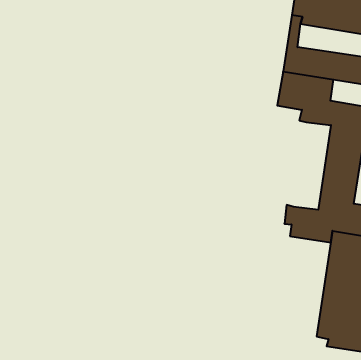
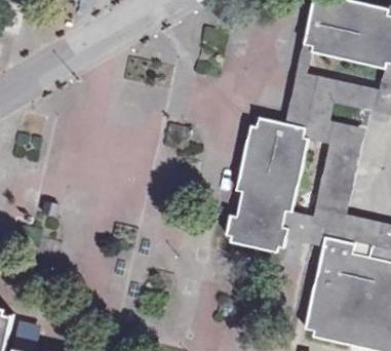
building: none -> [227,115,310,250]

